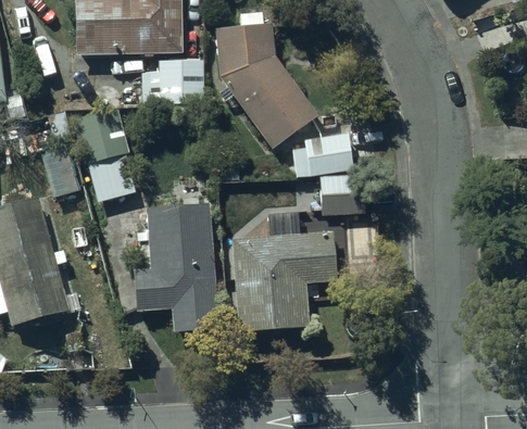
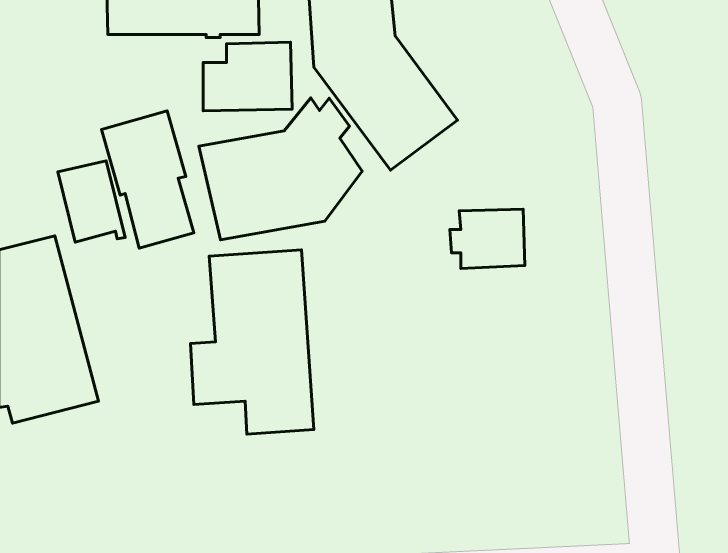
building: none -> [199,98,362,240]
building: [292,133,355,179] -> none
building: [233,213,338,329] -> none

